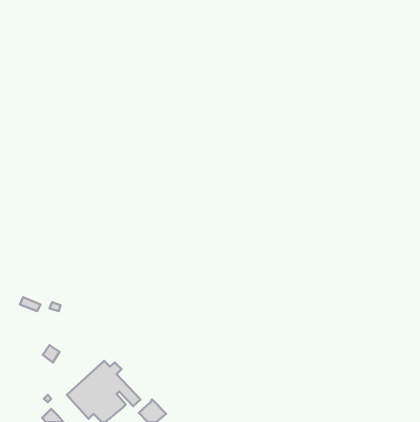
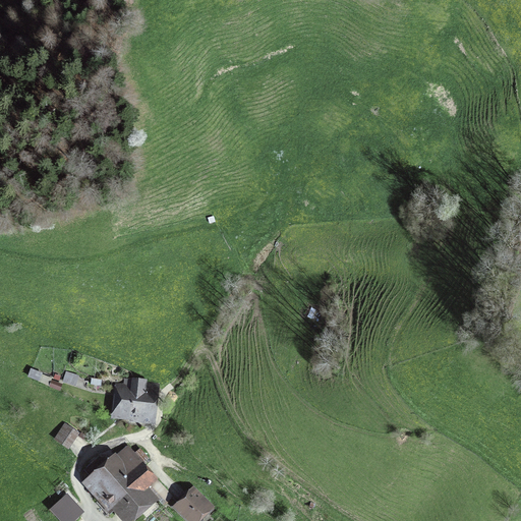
building: none -> [115,379,156,422]

